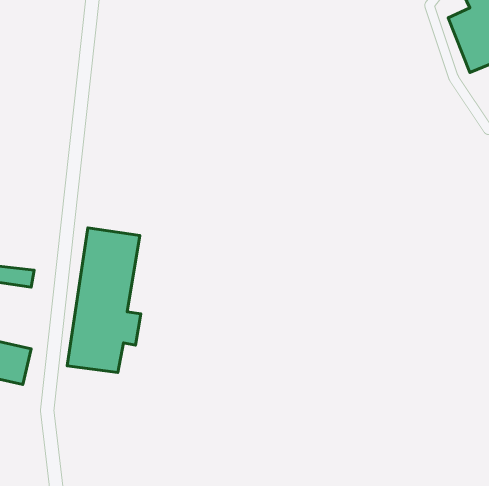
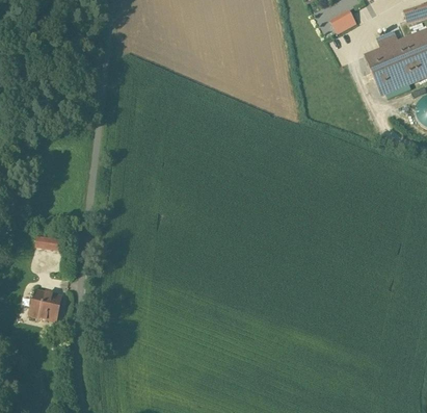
building: [67,228,141,372] -> none

